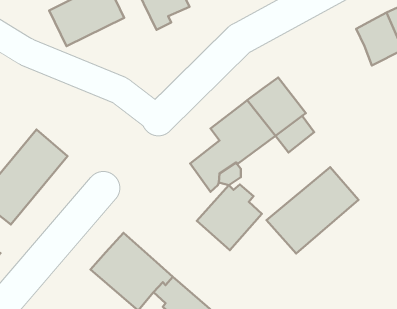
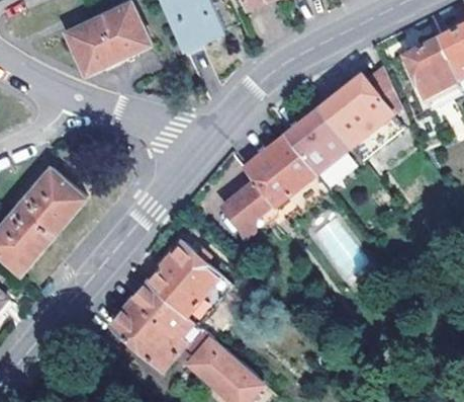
building: none -> [317,72,405,162]
building: [267,167,359,253] -> none
building: [197,184,262,250] -> [147,241,218,314]

